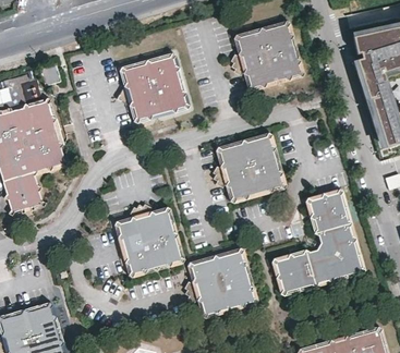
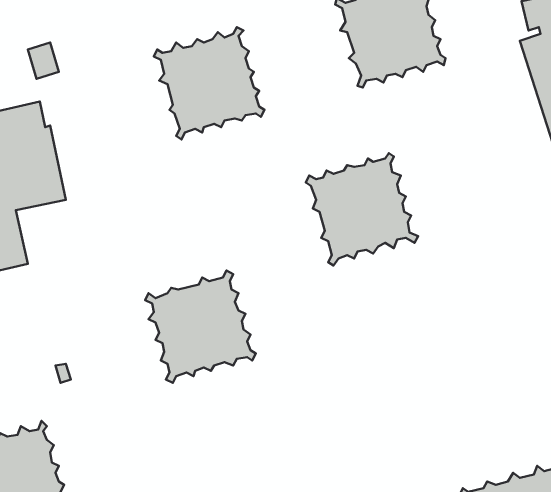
building: [271,188,365,295] -> none
building: [186,247,257,318] -> none

